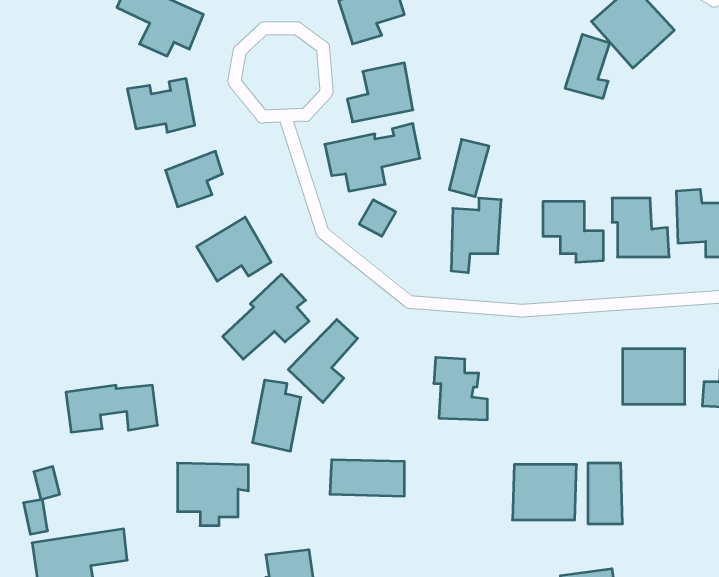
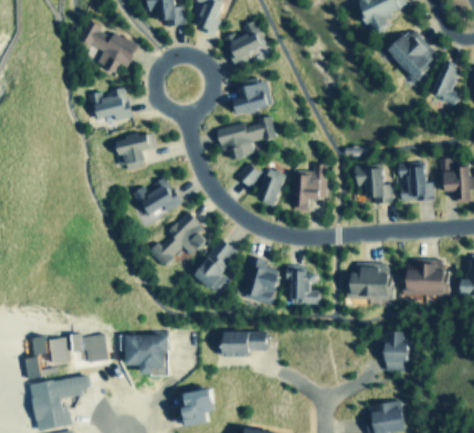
building: [565,34,610,98] -> [433,62,462,103]
building: [449,139,489,197] -> [259,168,284,204]
building: [252,380,301,451] -> [247,258,278,304]
building: [66,385,158,432] -> [49,334,107,363]
building: [512,465,577,520] -> [350,263,391,298]

